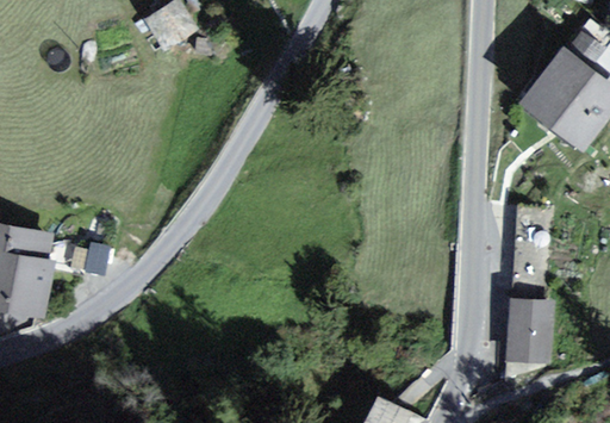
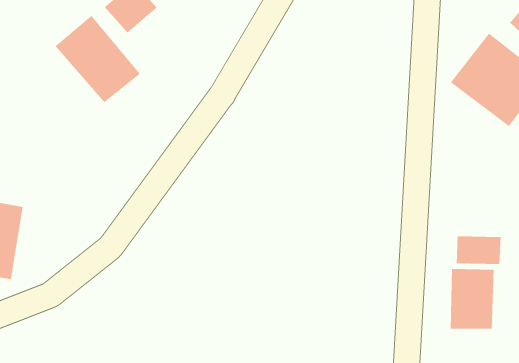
building: none -> [55,15,141,103]
building: none -> [456,235,501,265]

